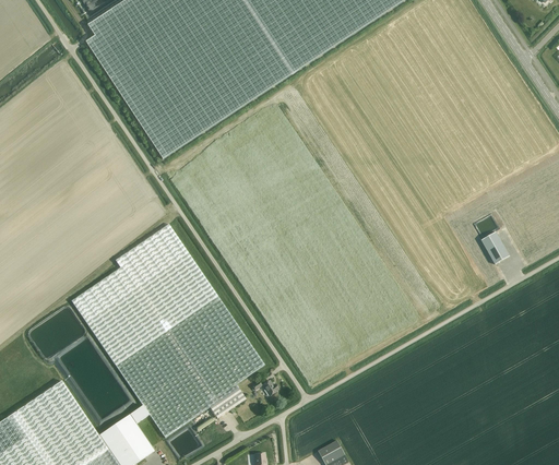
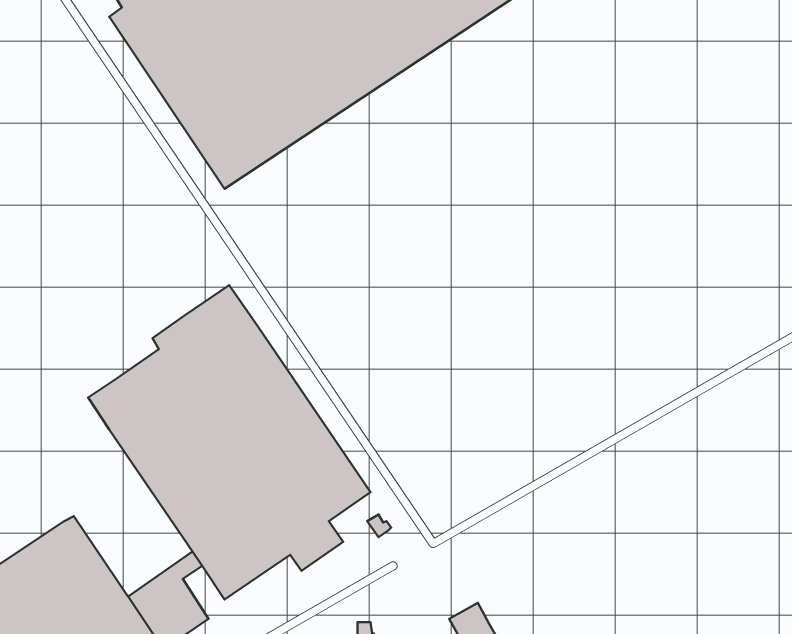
building: [480,230,509,263] -> none

